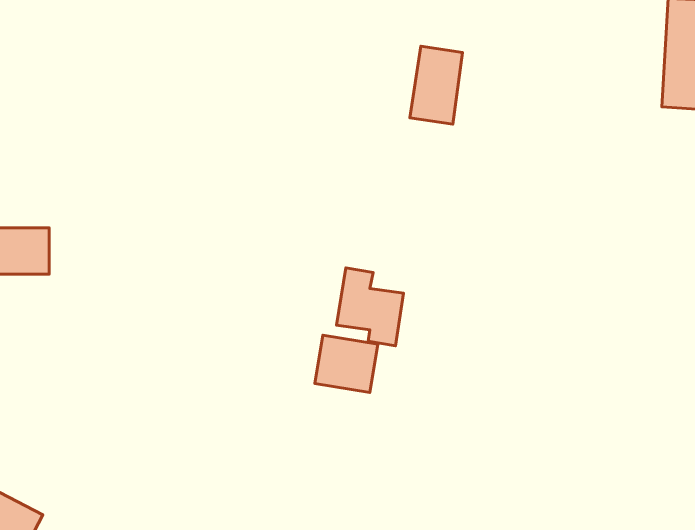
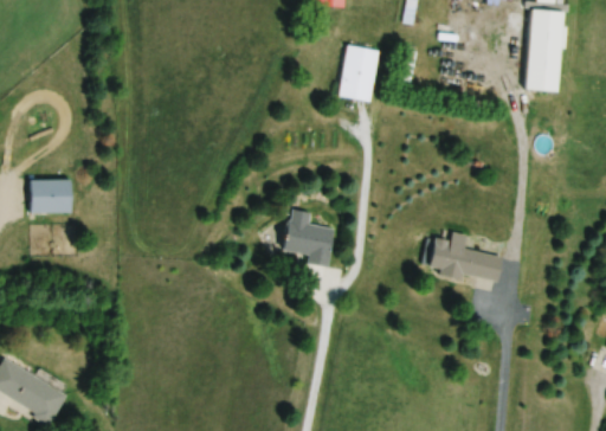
building: none -> [428,231,503,283]
building: [315,335,378,392] -> none

